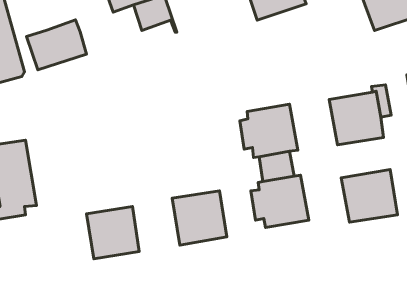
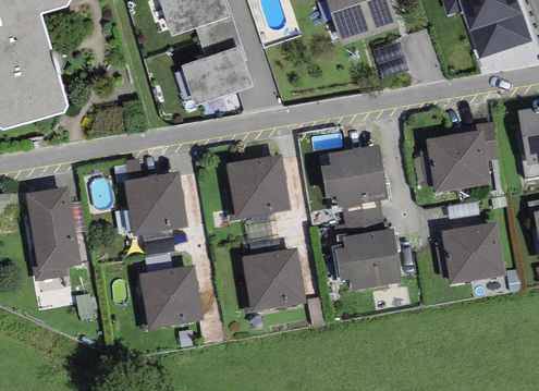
building: [27,20,87,70] -> [181,46,252,105]
building: none -> [225,154,290,219]
building: none -> [124,171,186,235]

